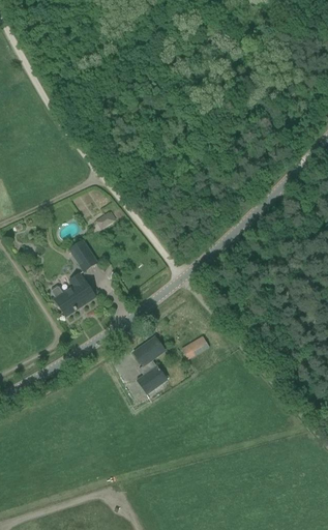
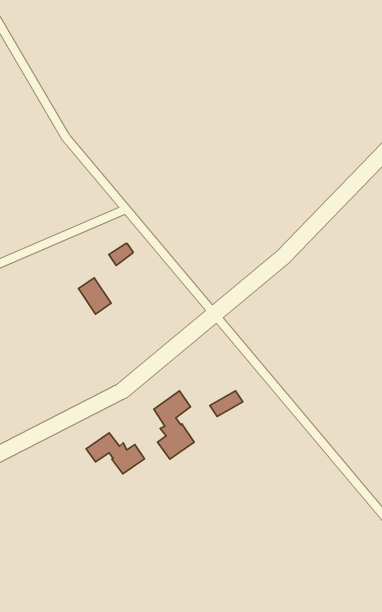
building: [49,273,94,316] -> none
building: none -> [86,433,144,474]

